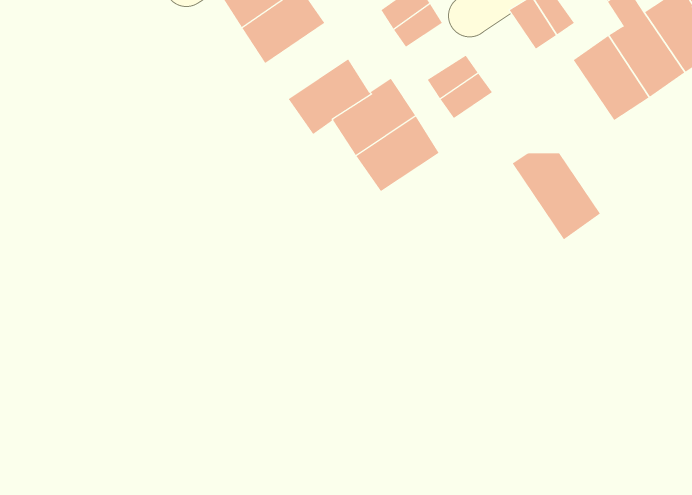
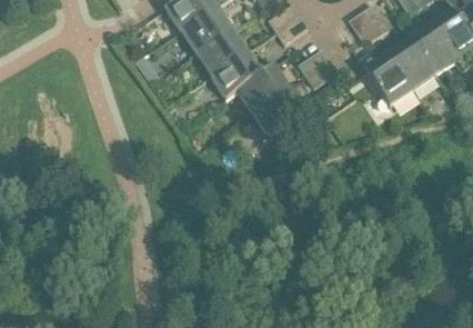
building: none -> [195,28,248,76]
building: [512,153,601,240] -> [358,51,413,106]

